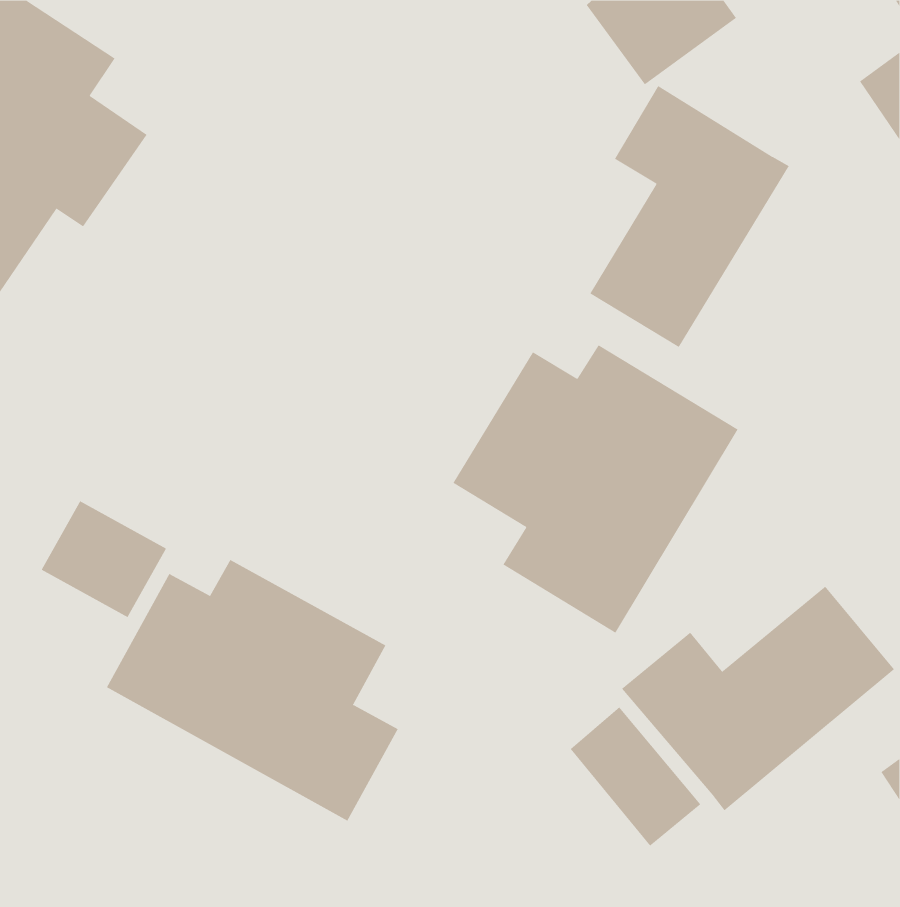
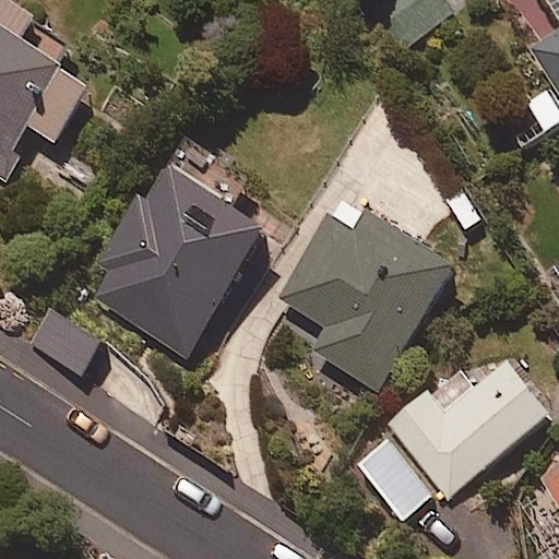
building: [589,85,789,348] -> none
building: none -> [78,134,267,359]
building: [106,559,398,822] -> none

